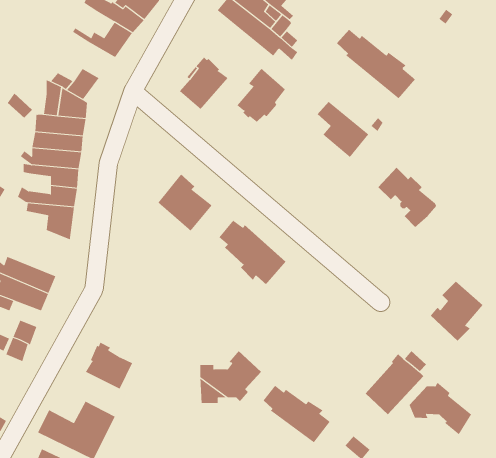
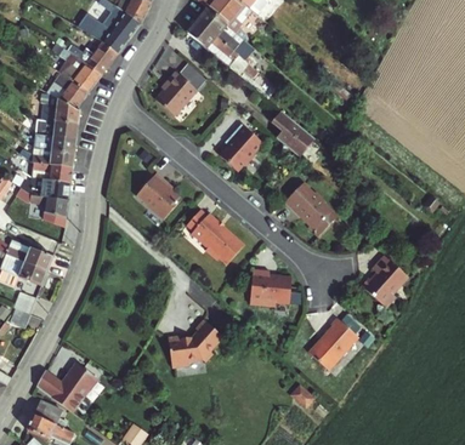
building: [336,29,416,99] -> none
building: none -> [58,47,102,89]
building: [237,68,286,123] -> [222,122,263,169]
building: [378,167,437,228] -> [287,182,336,233]
building: none -> [250,269,291,307]
building: [85,342,133,389] -> none
building: [409,382,472,435] -> none
building: [263,385,330,443] -> none

